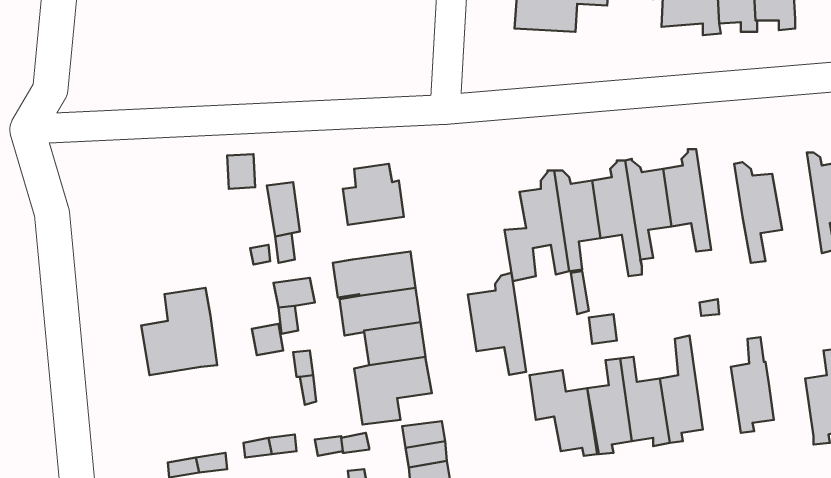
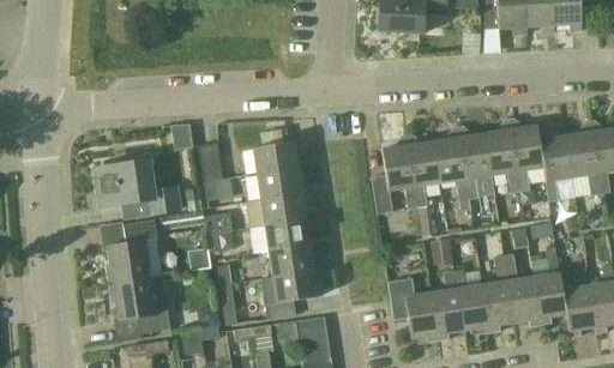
building: none -> [510,117,543,192]
building: none -> [565,121,601,195]
building: none -> [94,159,182,216]
building: none -> [257,168,302,199]
building: [468,273,526,375] -> none
building: none -> [505,253,542,327]
building: none -> [562,267,595,338]
building: none -> [113,276,170,334]

